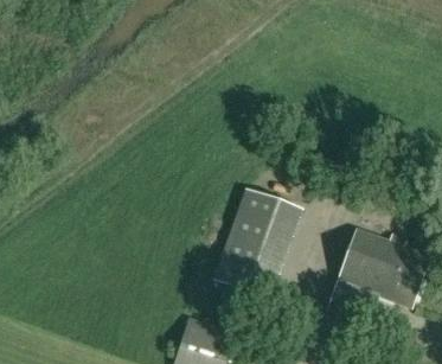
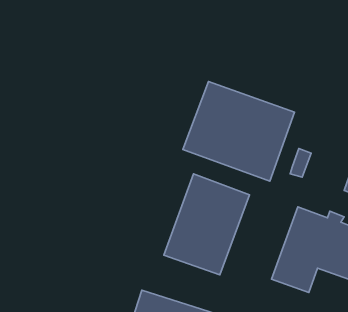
building: none -> [183,81,294,181]

